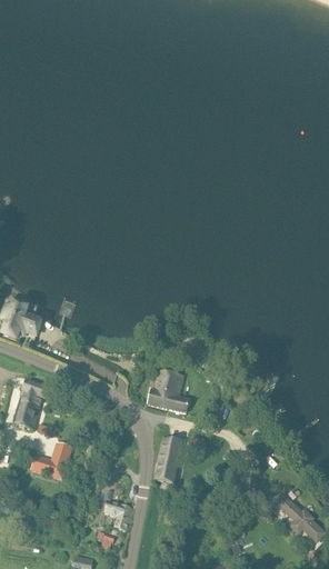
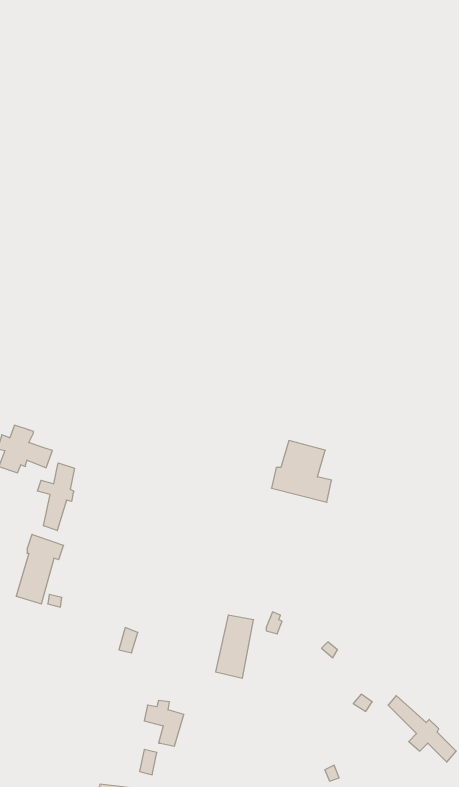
building: none -> [38,463,74,531]
building: [147,369,189,412] -> [271,441,332,502]
building: [30,441,72,479] -> none

